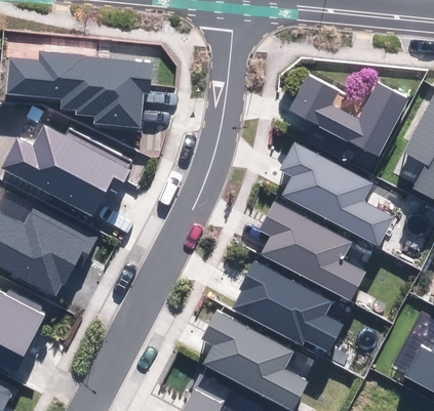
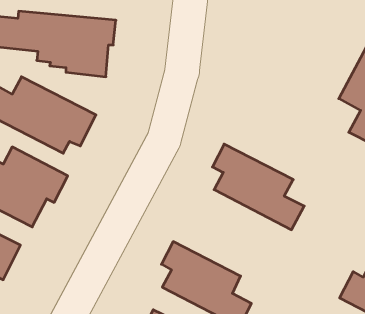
building: [290,76,407,155] -> none
building: [281,142,392,245] -> none
building: [235,261,341,351] -> none

